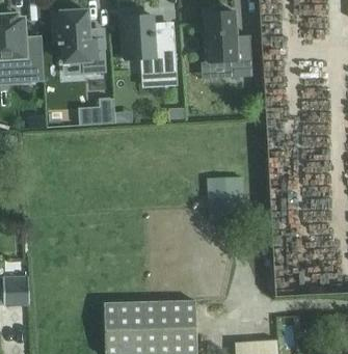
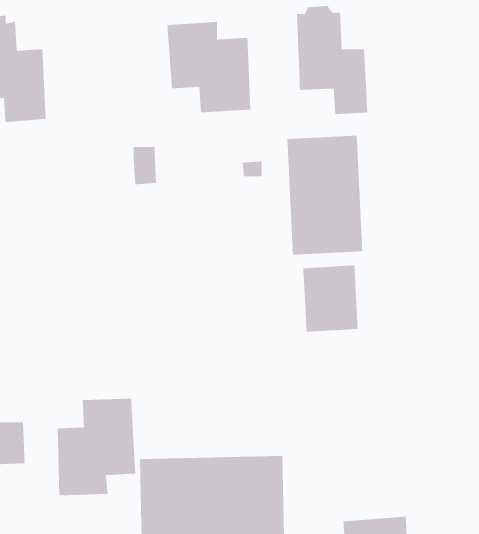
building: [52,10,105,74] -> none
building: none -> [287,135,363,256]
building: none -> [57,398,136,496]

